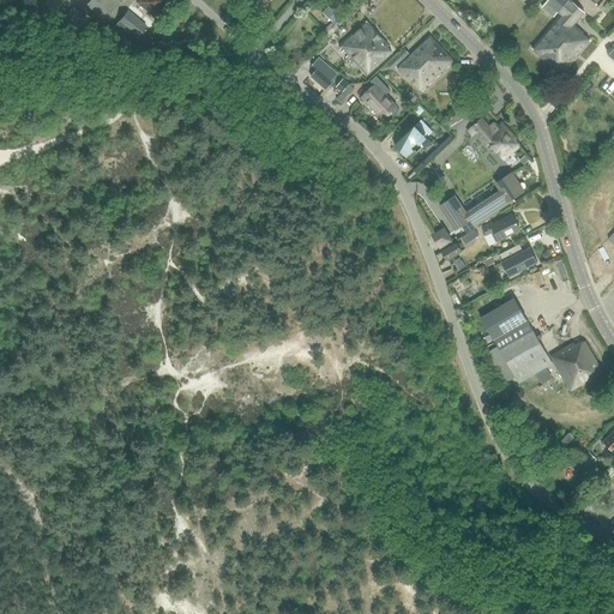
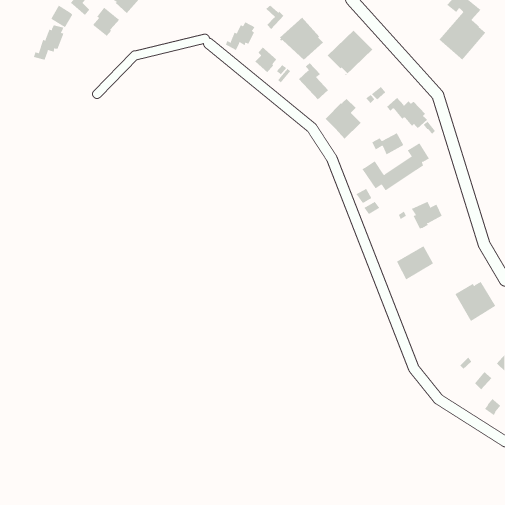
building: none -> [225,22,255,51]
building: none -> [33,24,64,61]
building: [480,213,519,241] -> [371,132,404,155]
building: [492,319,550,381] -> none

